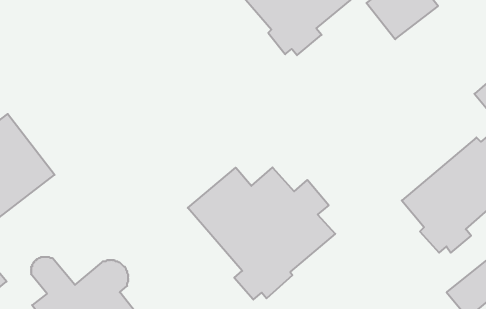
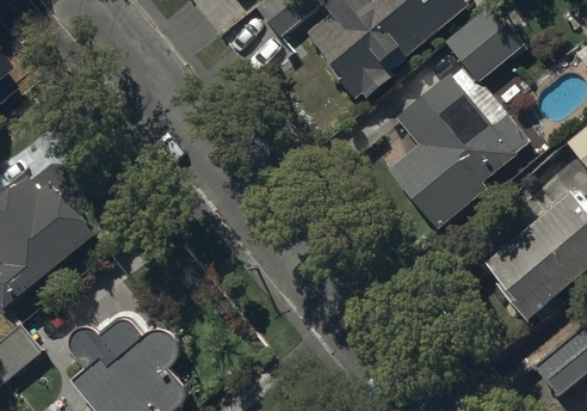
building: none -> [388,68,531,227]
building: [188,167,335,300] -> none

